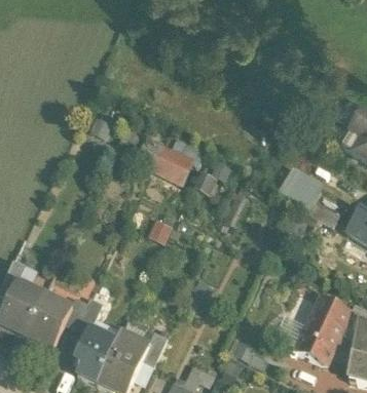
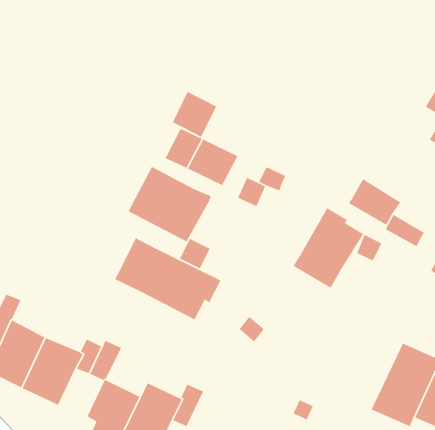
building: none -> [172,91,217,138]
building: none -> [128,166,212,243]
building: none -> [293,207,364,289]
building: none -> [114,237,221,321]

